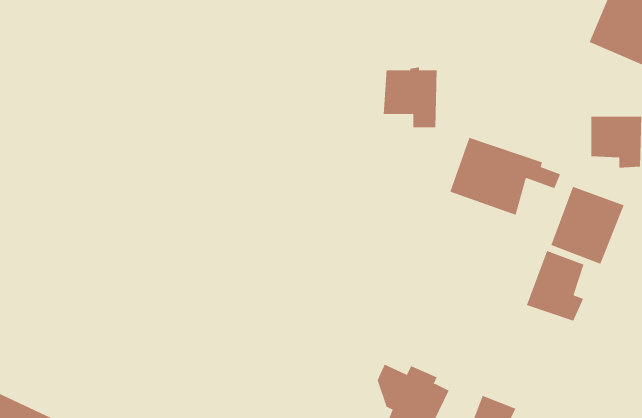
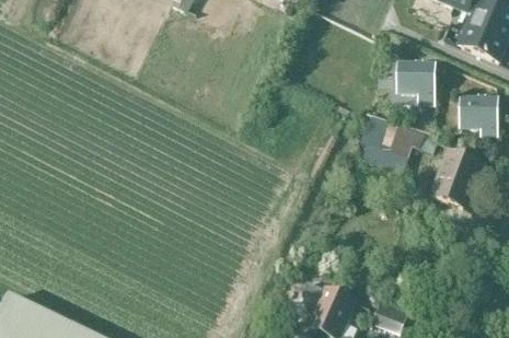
building: [383,67,438,128] -> [396,57,437,102]
building: [526,250,584,322] -> none

